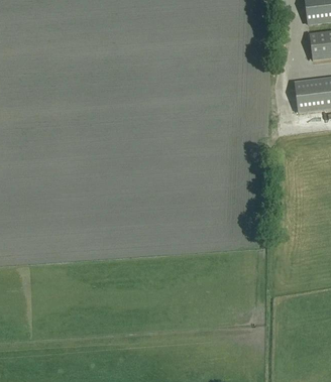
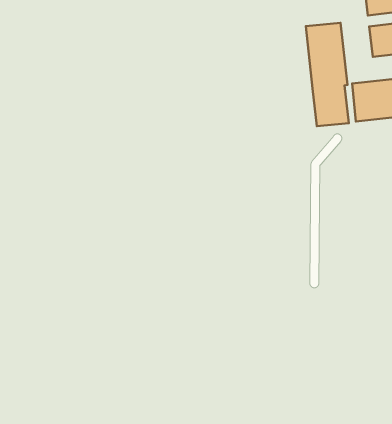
building: none -> [306,23,349,126]

